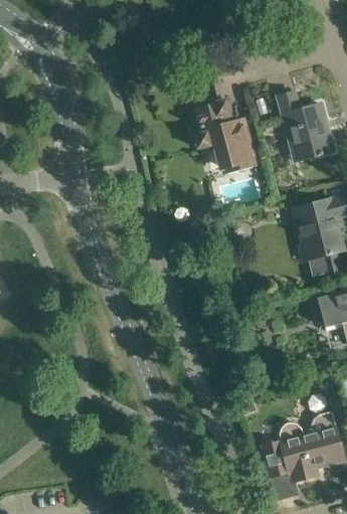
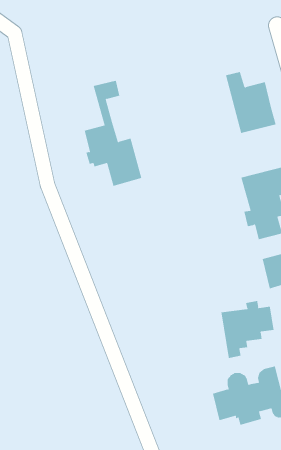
building: [191,54,255,171] -> [84,80,142,186]
building: none -> [221,300,274,359]

